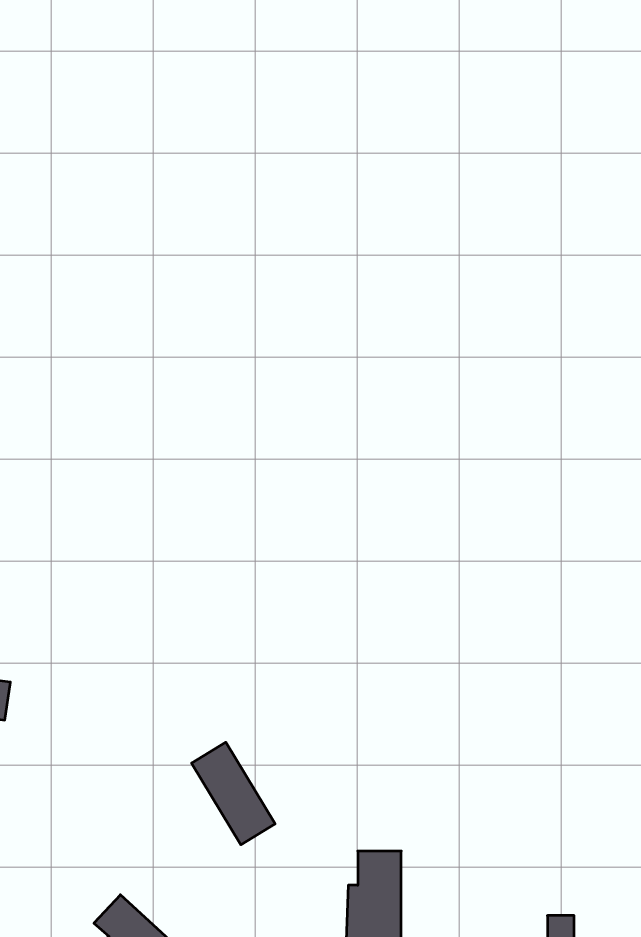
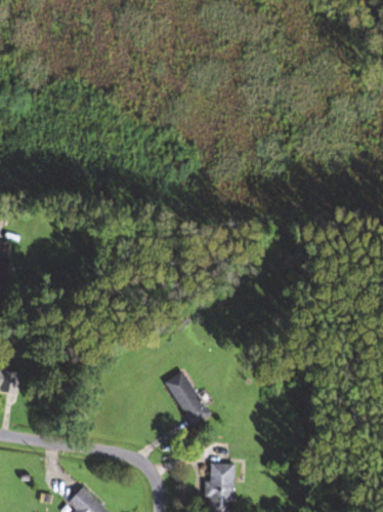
building: [192,742,275,845] -> [164,370,209,426]

